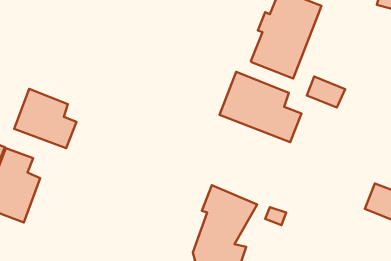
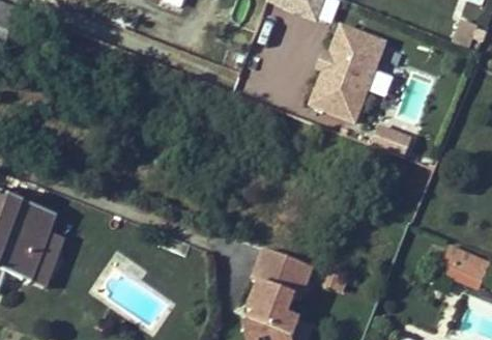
building: [219,72,302,142] -> none
building: [14,89,76,148] -> none

